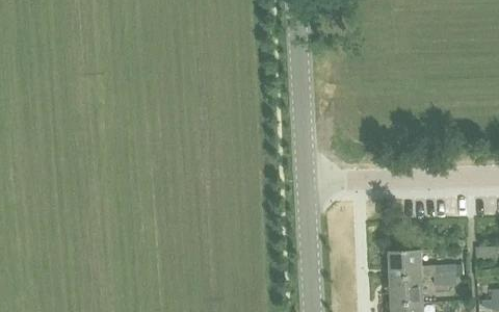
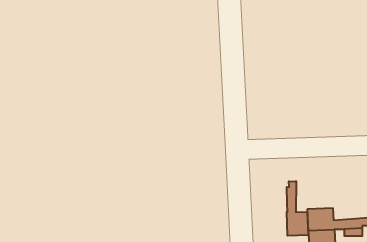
building: none -> [287,181,308,236]

